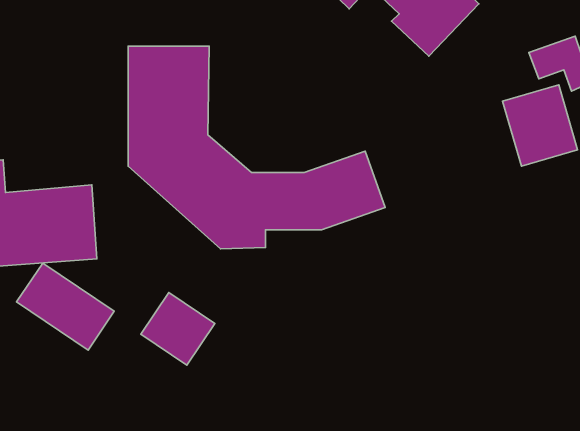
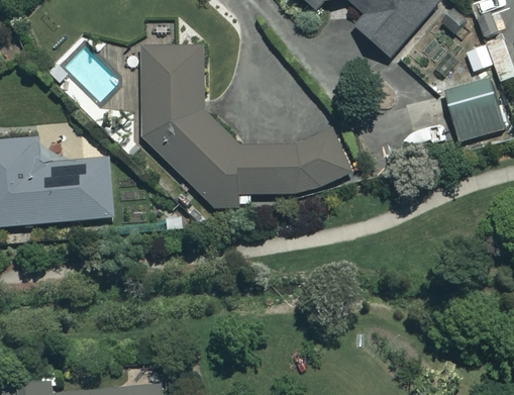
building: [17,263,114,350] -> none
building: [141,293,215,365] -> none

